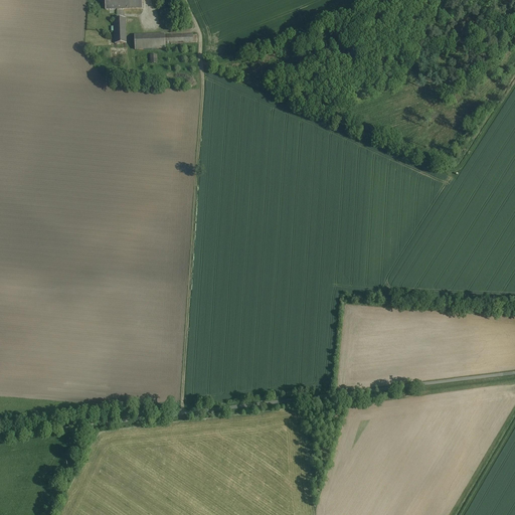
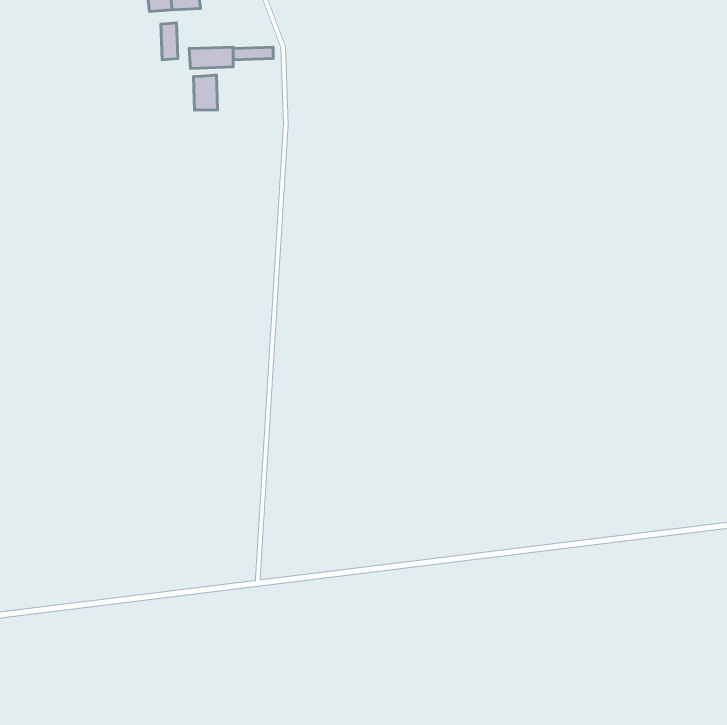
building: none -> [193,75,217,110]

